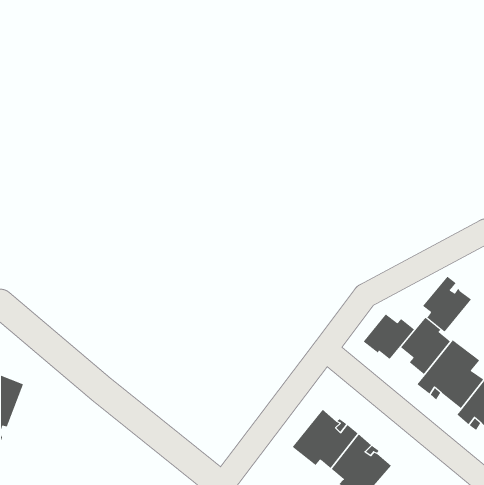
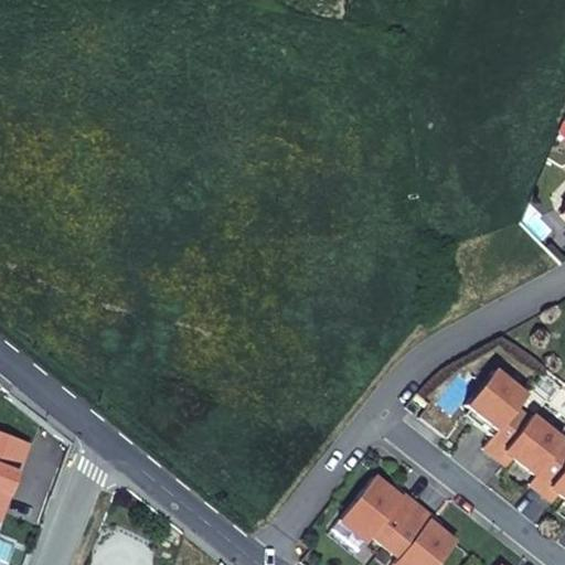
building: [422,276,472,333] -> none
building: [363,313,415,360] -> none

